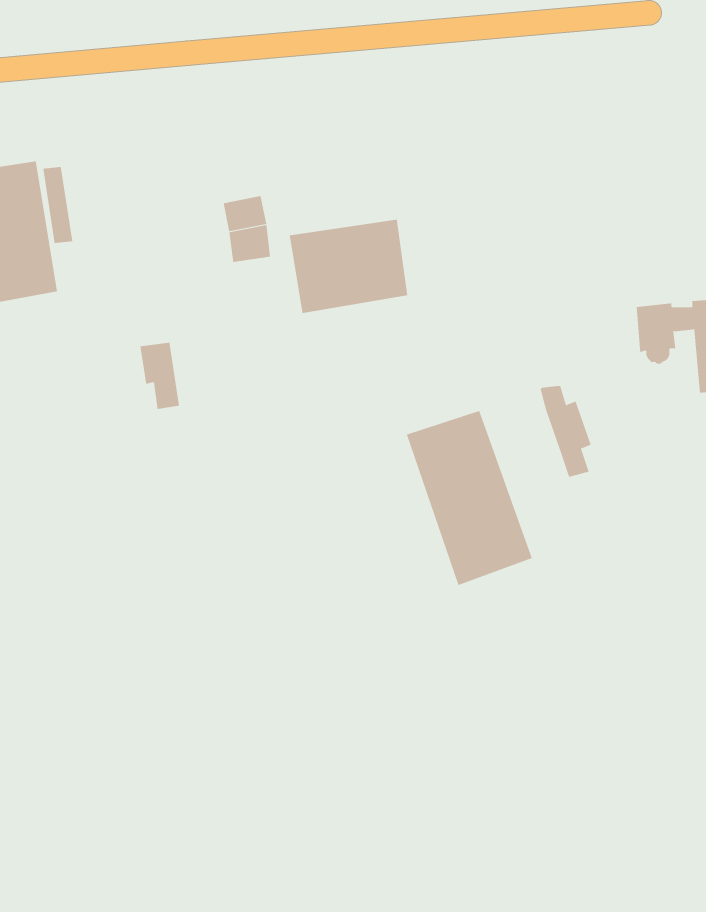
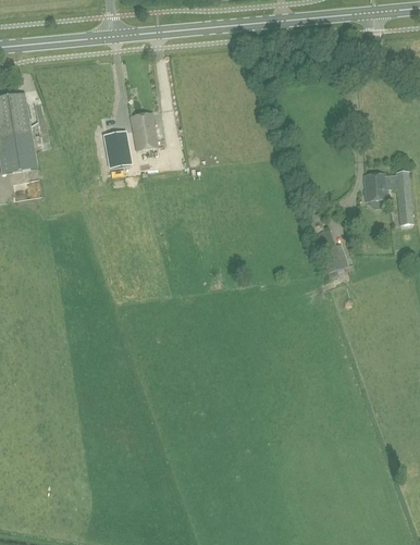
building: [289,219,408,314] -> none
building: [140,342,180,410] -> [107,129,129,168]
building: [406,410,532,586] -> none

